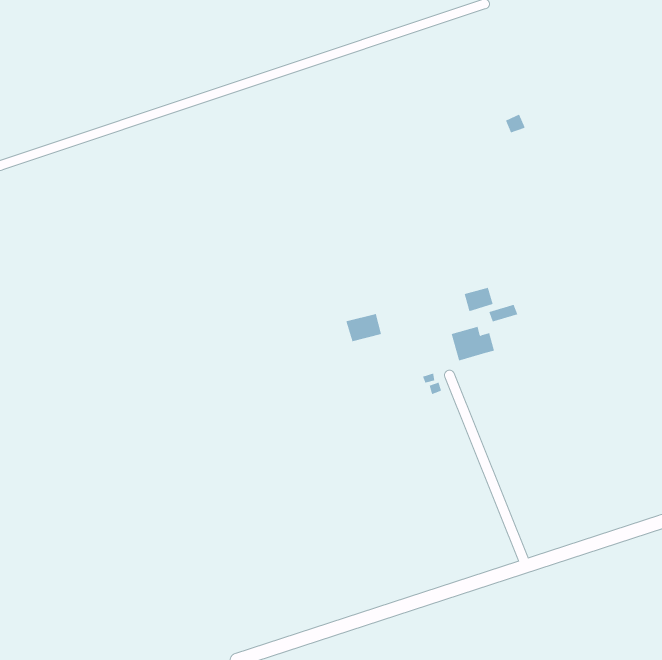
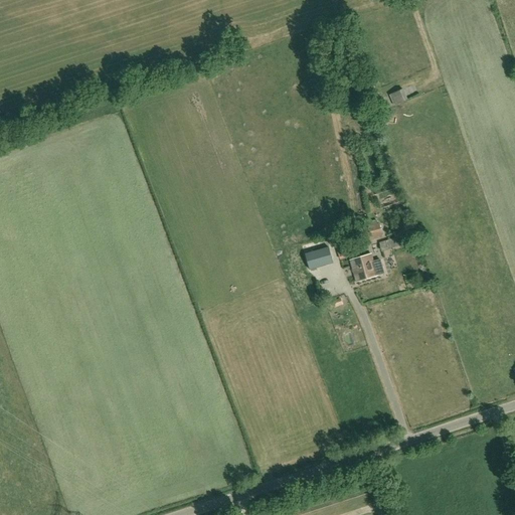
building: [346,313,382,342] -> [305,246,333,269]

